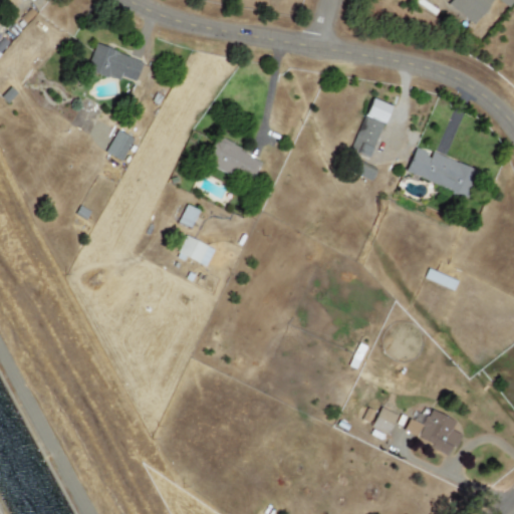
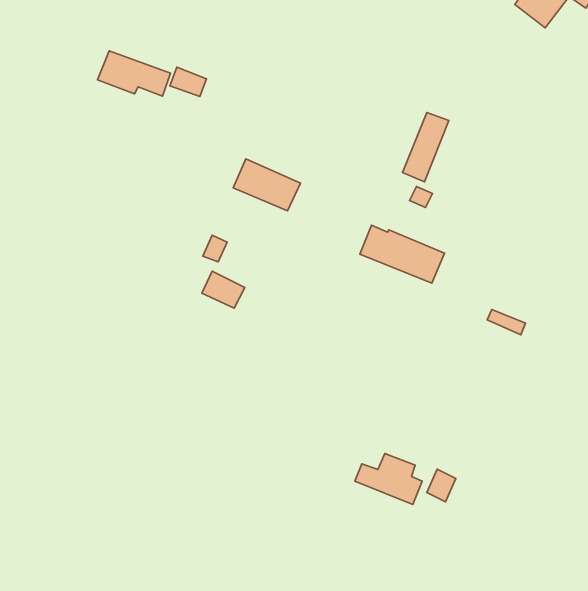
building: none -> [170,67,206,97]
building: [108,130,135,161] -> none
building: [407,147,480,197] -> [360,225,444,283]
building: [405,410,463,454] -> [355,453,422,504]

